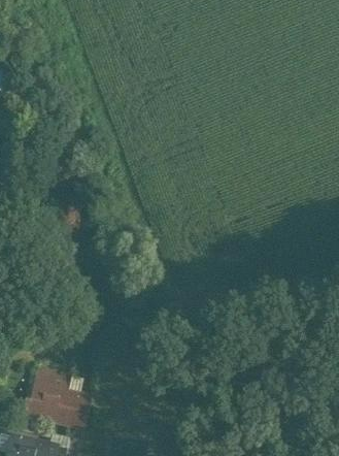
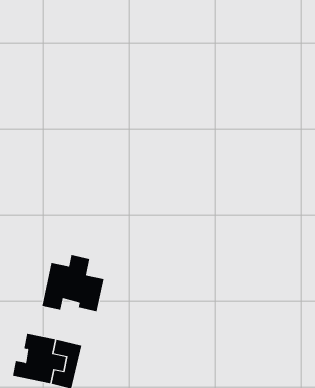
building: none -> [42,254,104,312]

